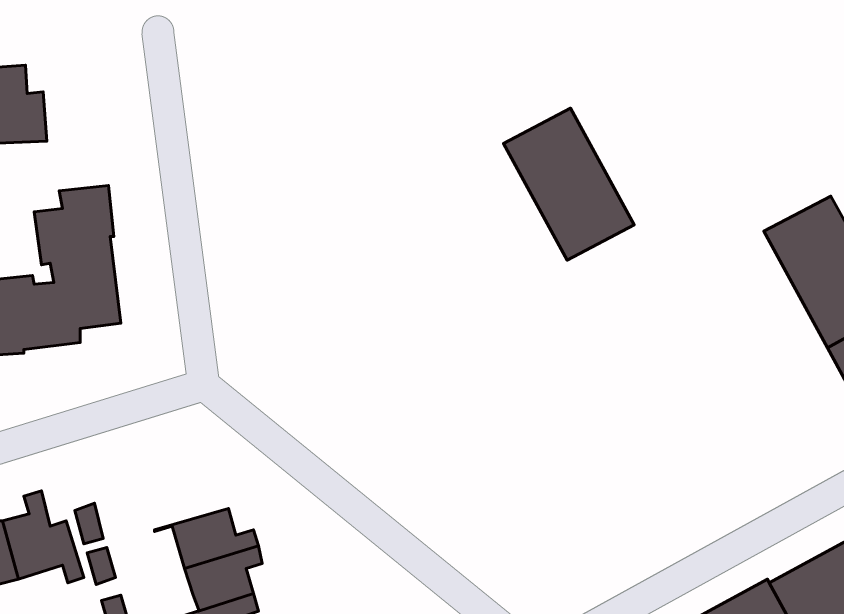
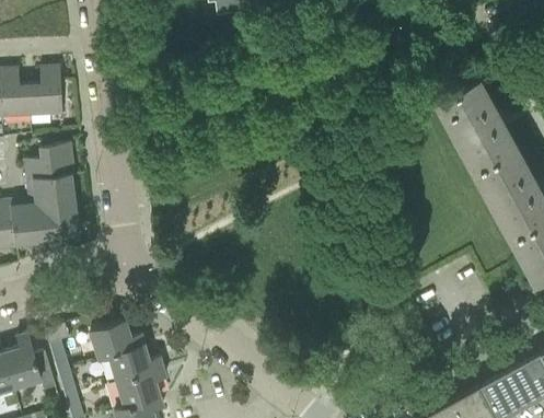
building: none -> [28,66,61,115]
building: [504,108,634,260] -> [436,77,517,171]
building: none -> [90,318,143,356]

